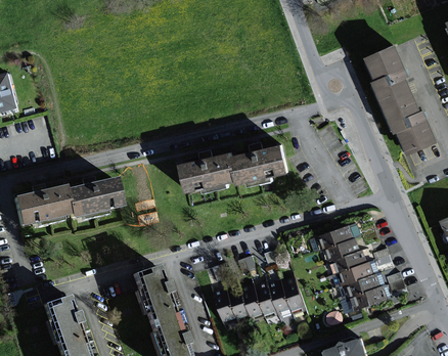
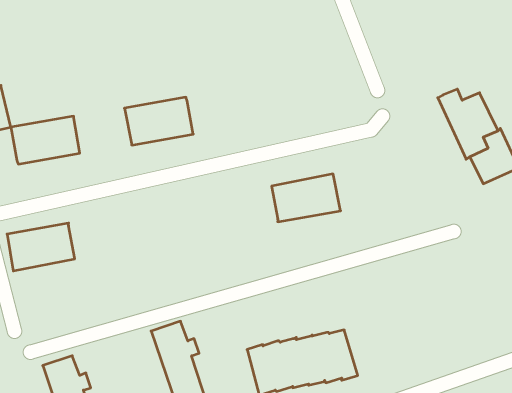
building: [366,44,411,84] -> none
building: [182,152,239,192] -> [124,97,193,145]
building: [65,179,123,219] -> [11,116,80,164]
building: [314,227,383,310] -> none

